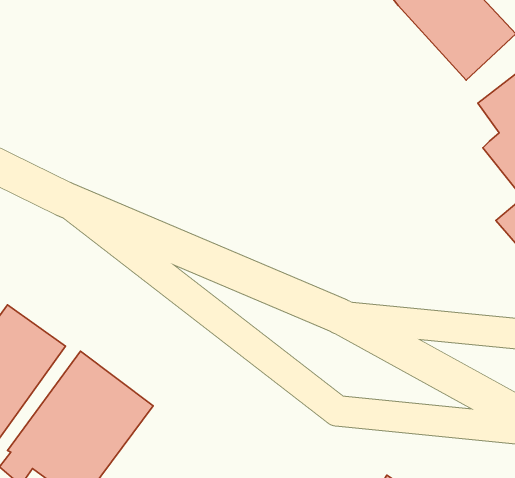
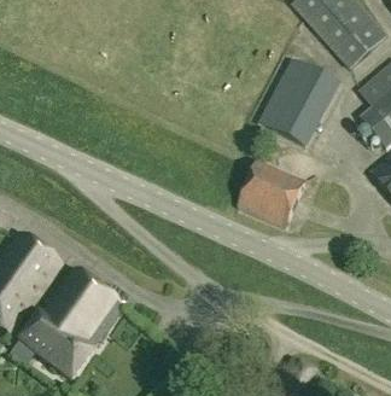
building: none -> [255,54,338,145]
building: none -> [238,161,305,226]

